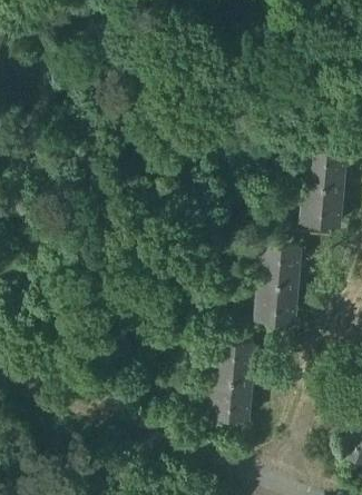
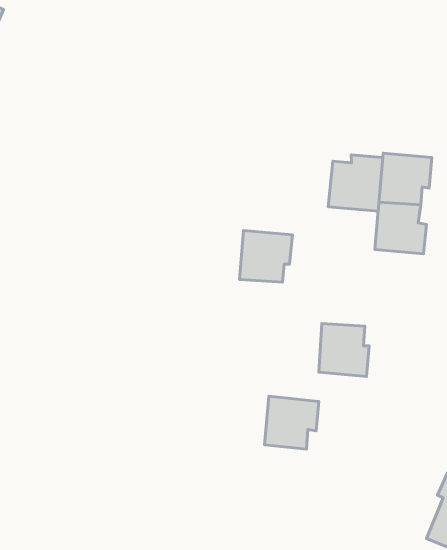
building: none -> [328,155,383,211]
building: [260,247,302,288] -> [239,231,292,282]
building: [211,383,252,425] -> none

